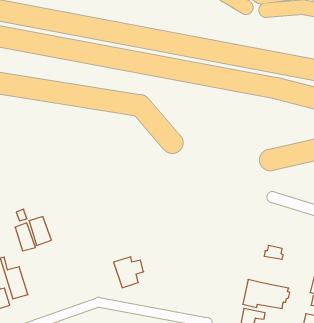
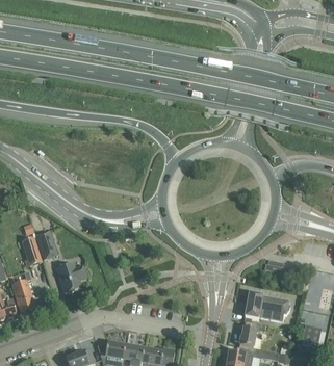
building: [114,257,144,288] -> [56,261,85,291]

